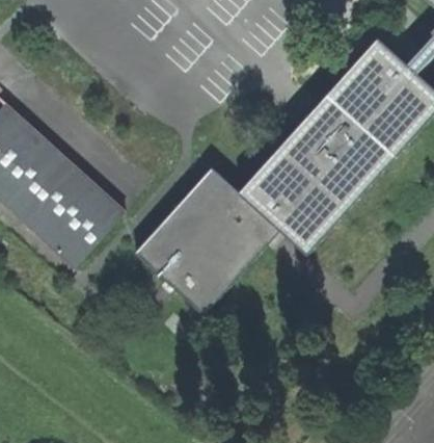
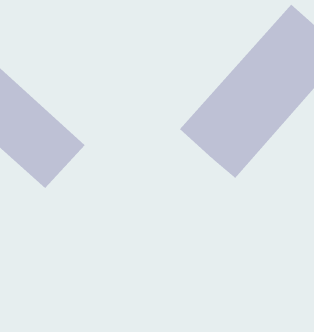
building: [135,167,279,314] -> none

